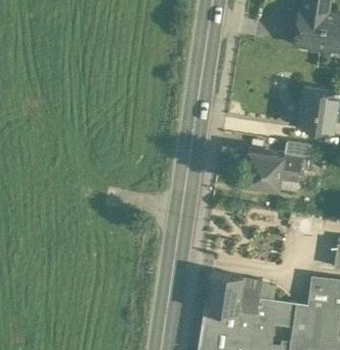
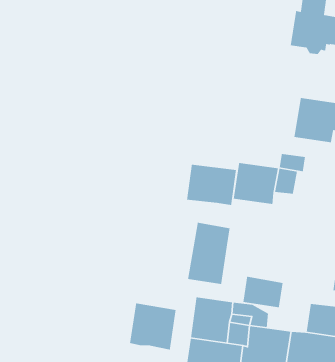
building: none -> [186,164,237,206]
building: none -> [187,222,230,285]
building: none -> [242,276,283,308]
building: none -> [129,303,177,350]

